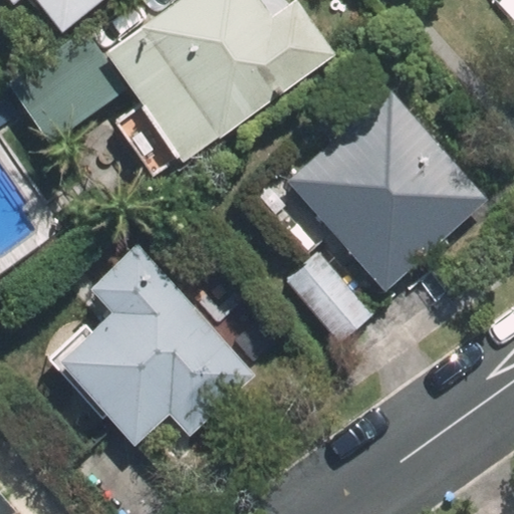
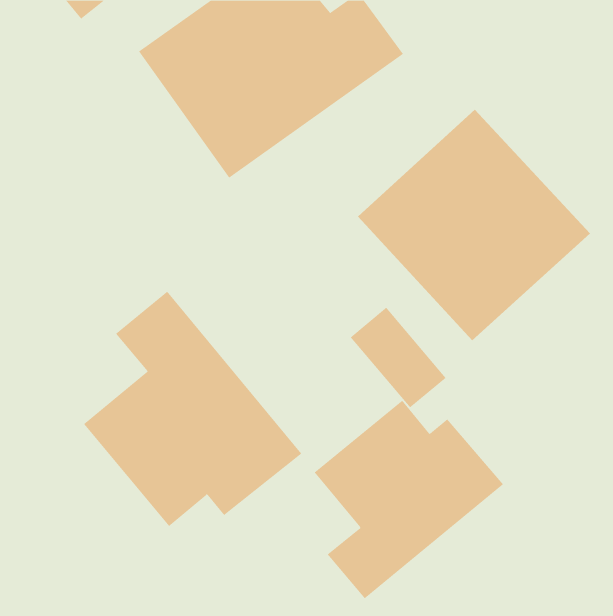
building: none -> [314,400,504,599]

